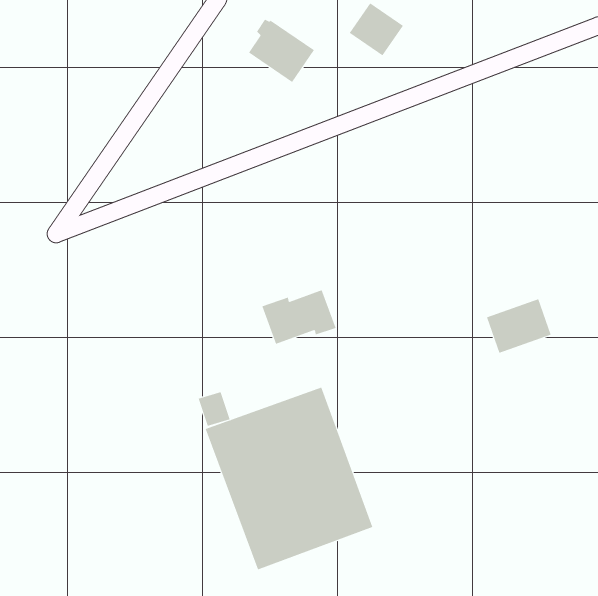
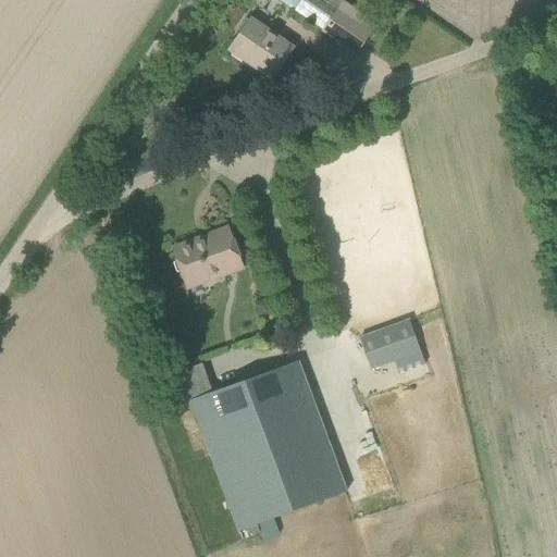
building: [261,290,336,345] -> [173,232,243,283]
building: [486,299,552,353] -> [360,318,421,369]

